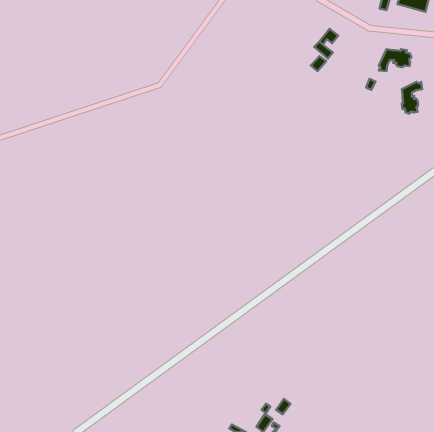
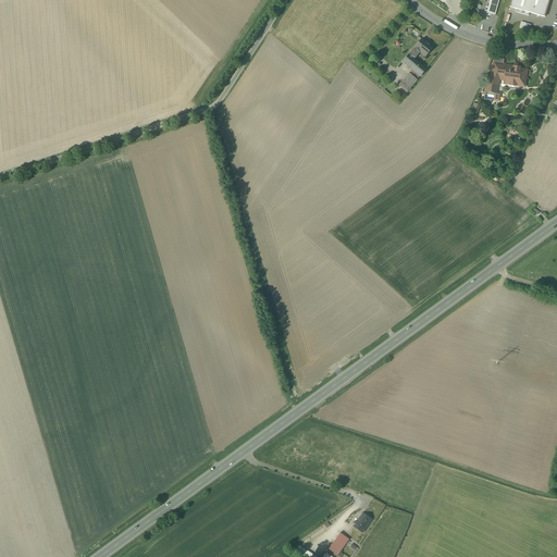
building: [402,82,422,113] -> none

